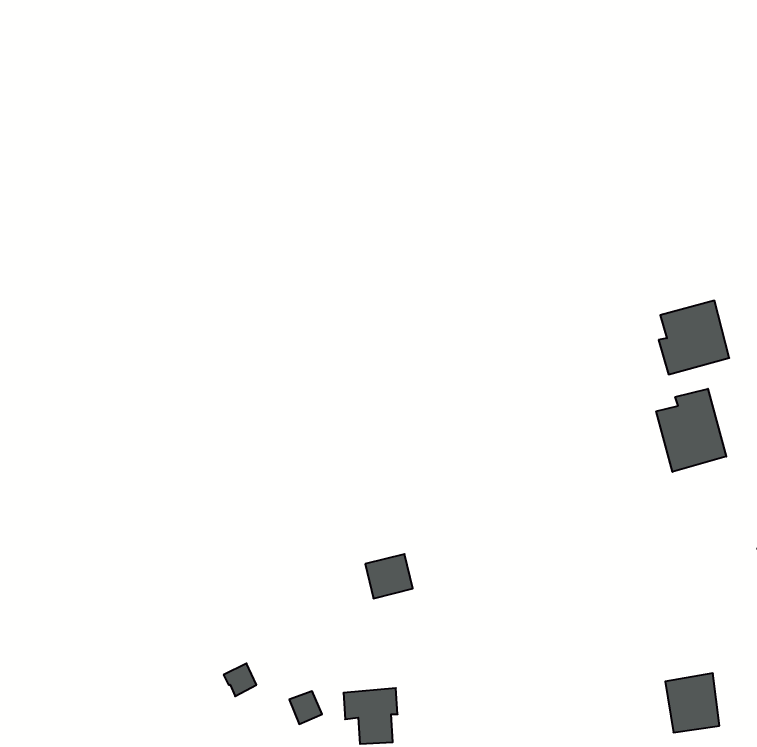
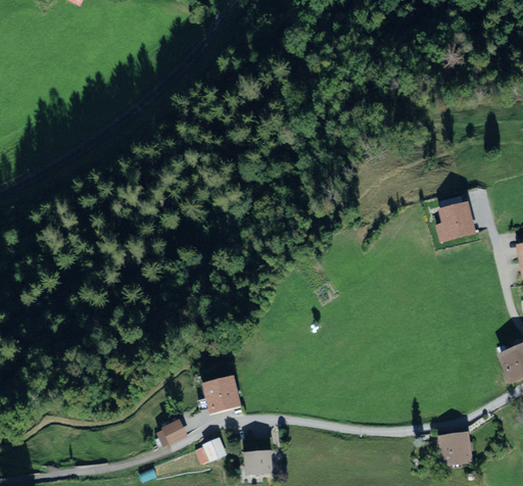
building: [656,389,726,472] -> none
building: [365,554,413,598] -> [206,383,236,410]

